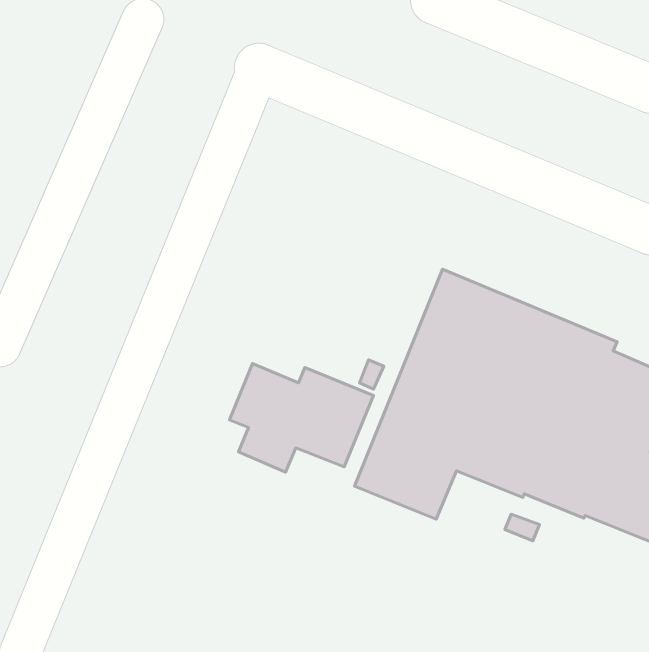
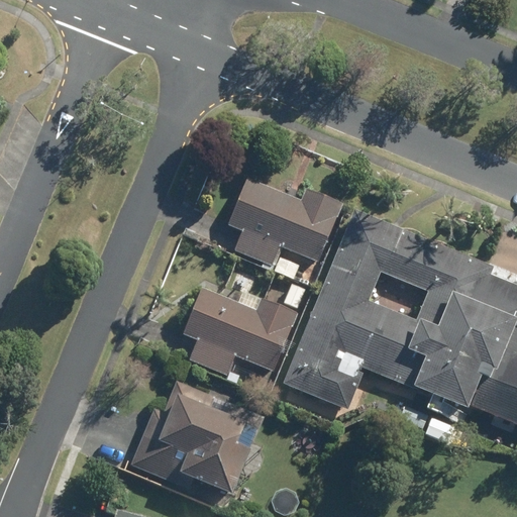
building: none -> [228,178,342,279]
building: none -> [131,385,257,497]

